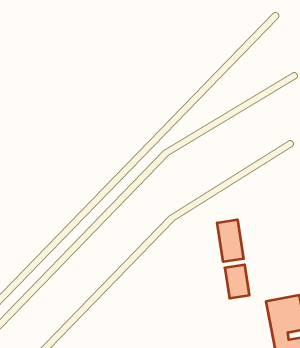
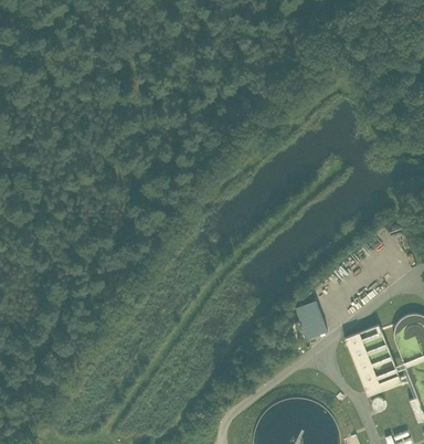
building: [217,220,244,262] -> none

